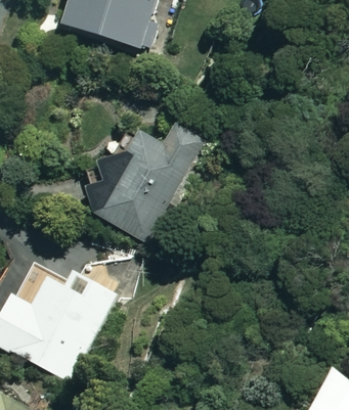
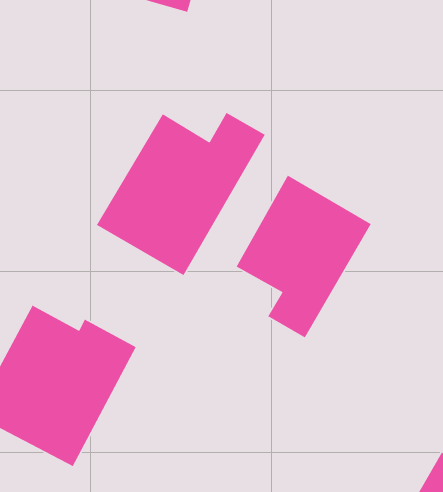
building: none -> [235,175,372,339]

